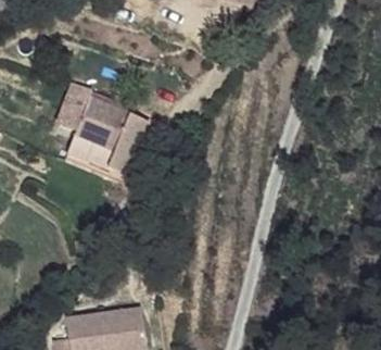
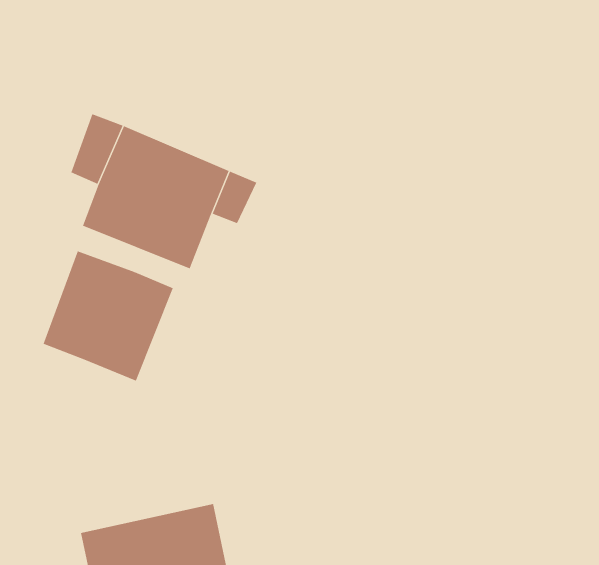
building: none -> [43,250,174,381]

